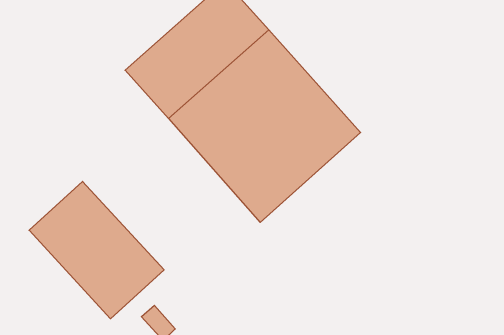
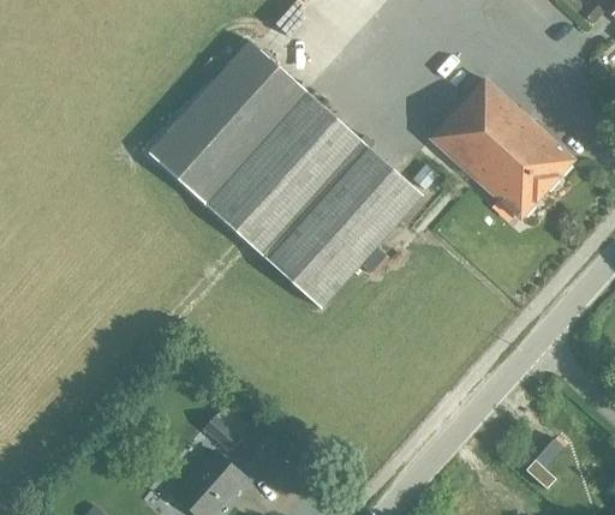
building: none -> [428,80,569,220]
building: [29,181,164,319] -> none

